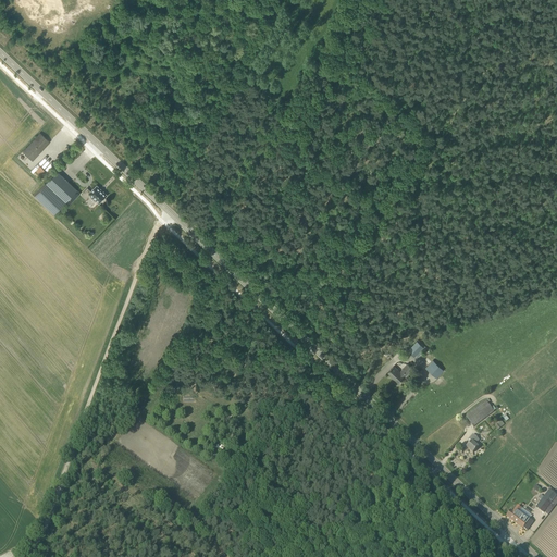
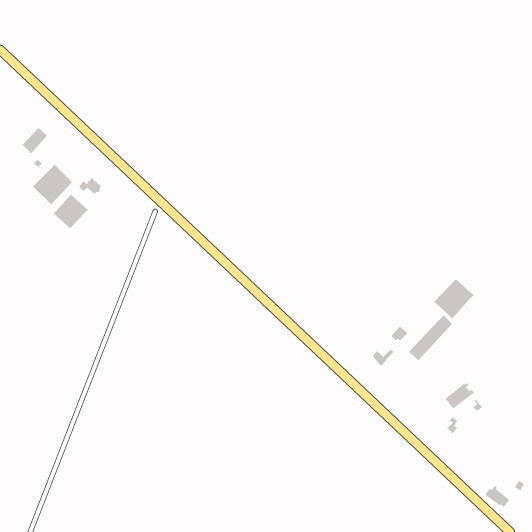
building: none -> [53,194,89,229]
building: none -> [433,278,475,319]

